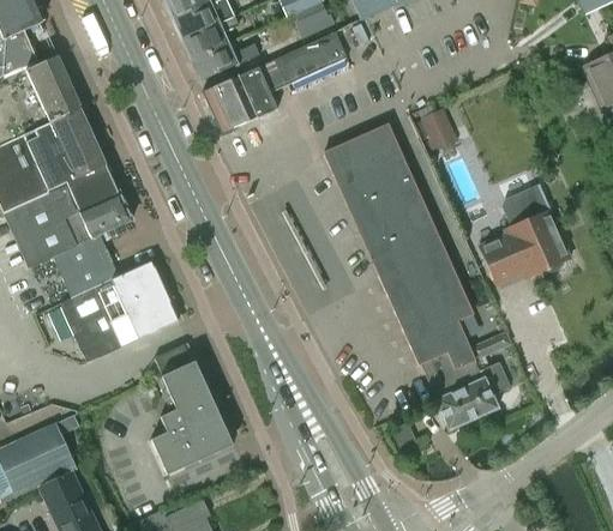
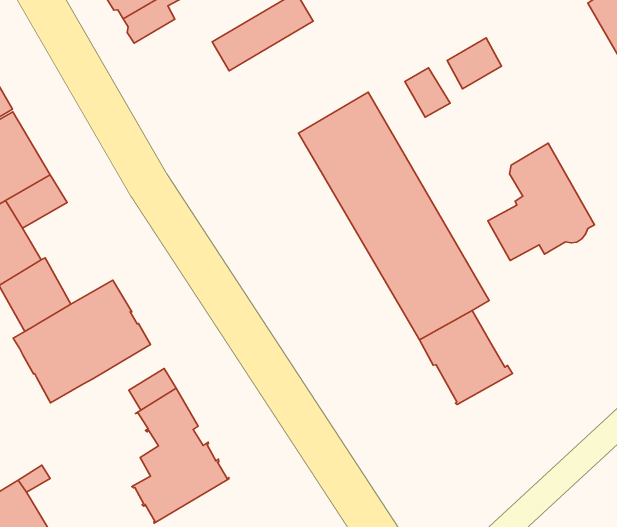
building: [191,43,258,79] -> none
building: [202,66,278,135] -> none
building: none -> [447,38,502,89]
building: [78,191,132,237] -> none
building: [435,332,510,429] -> none

